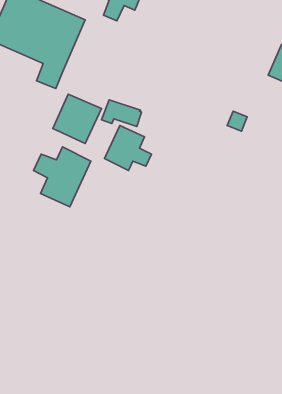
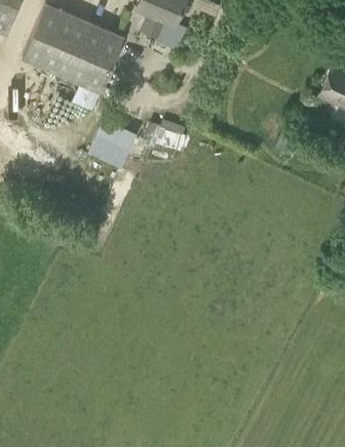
building: [104,126,151,171] -> none
building: [34,147,91,207] -> none

